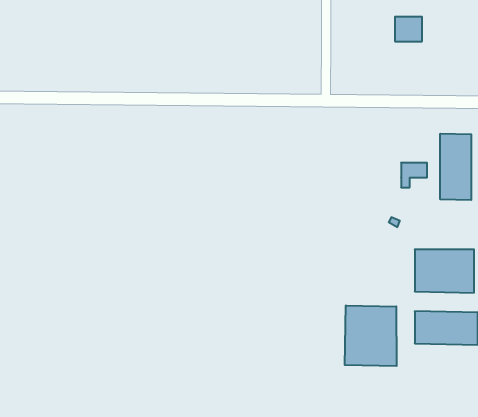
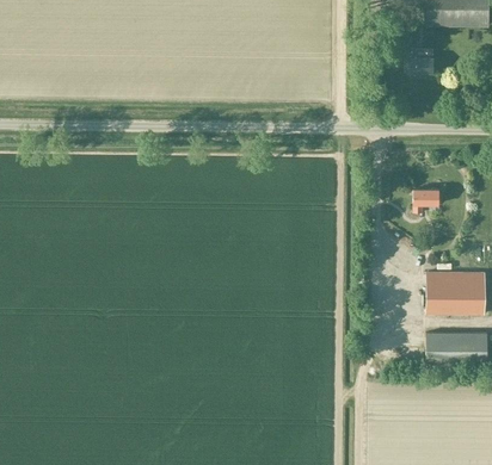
building: [440,134,471,200] -> none
building: [345,305,397,366] -> none

